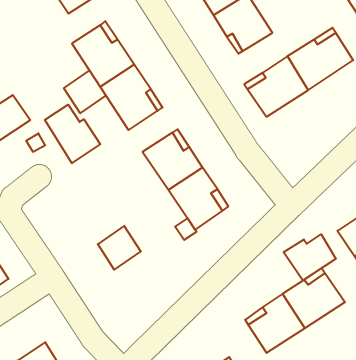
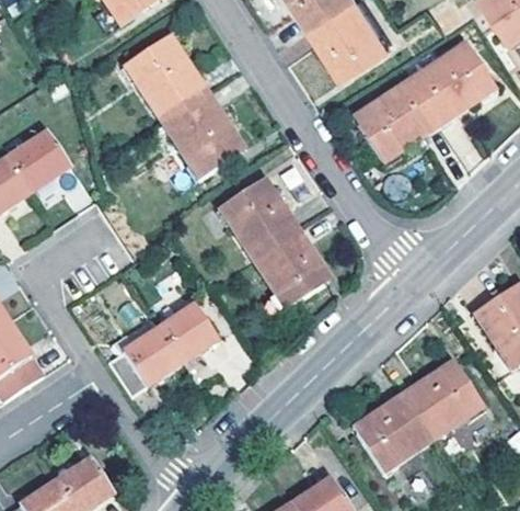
building: [64,71,106,113] -> none
building: [45,105,100,163] -> none
building: [284,234,336,280] -> none
building: none -> [109,317,181,395]

